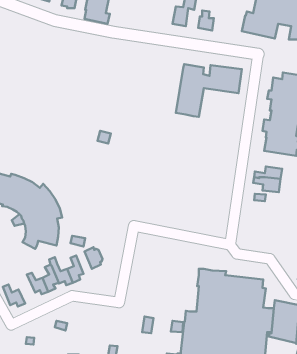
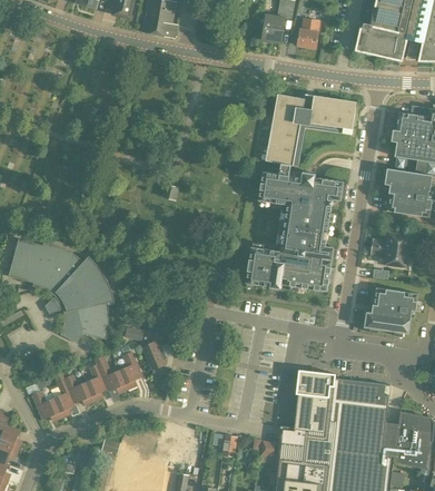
building: none -> [244,161,343,291]
building: none -> [363,287,419,333]
building: none -> [53,373,77,416]

